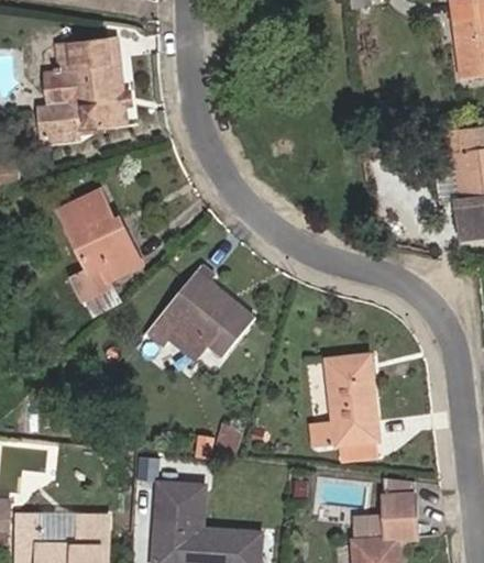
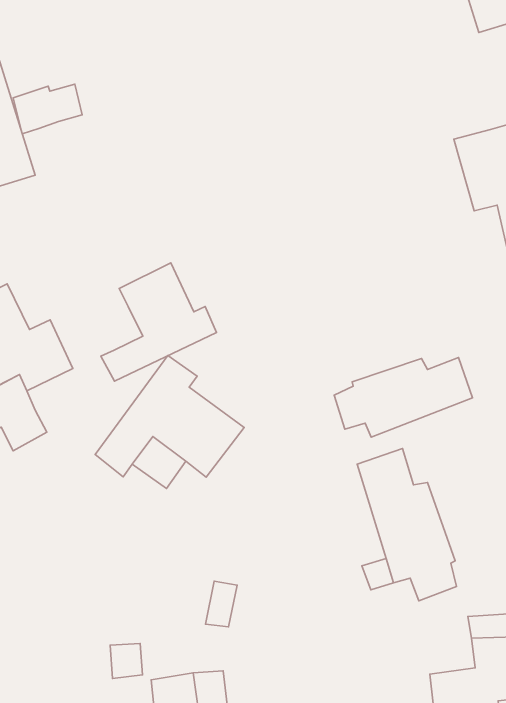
building: none -> [13,84,82,134]
building: none -> [101,263,217,381]
building: none -> [334,357,472,437]

